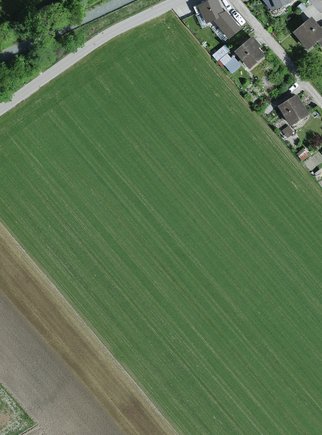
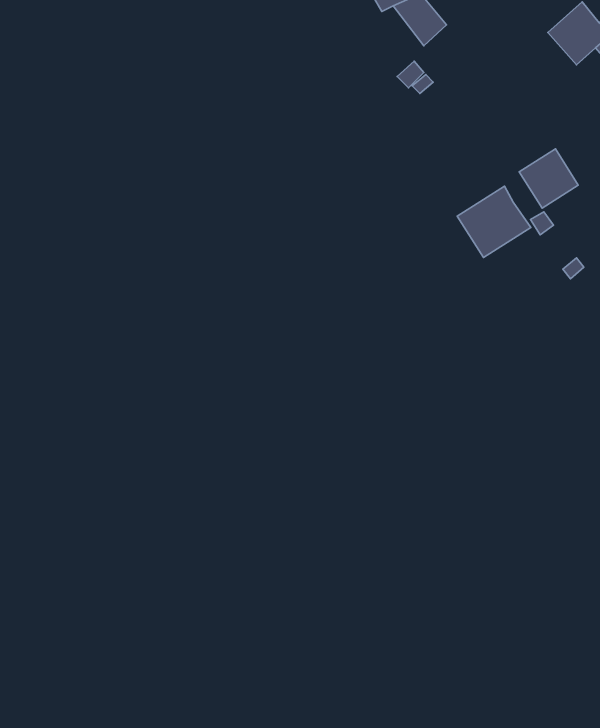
building: [231,35,261,68] -> none
building: none -> [457,186,531,257]

